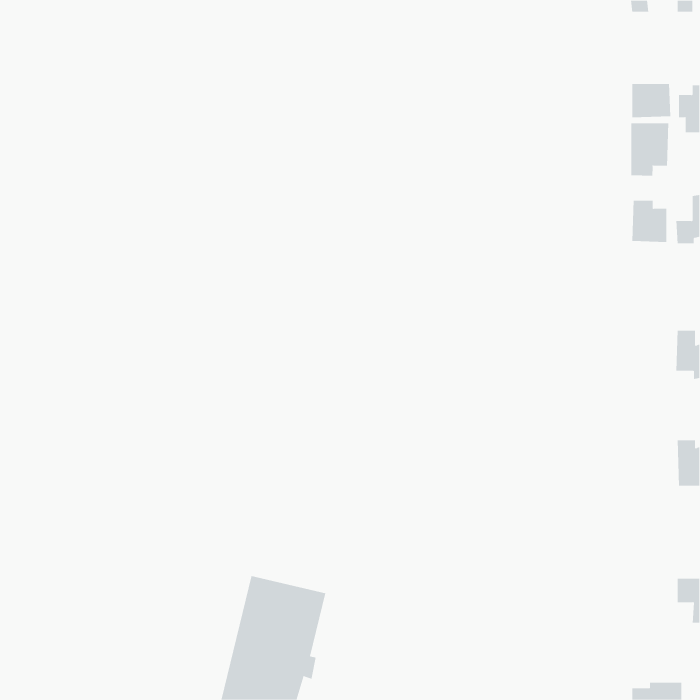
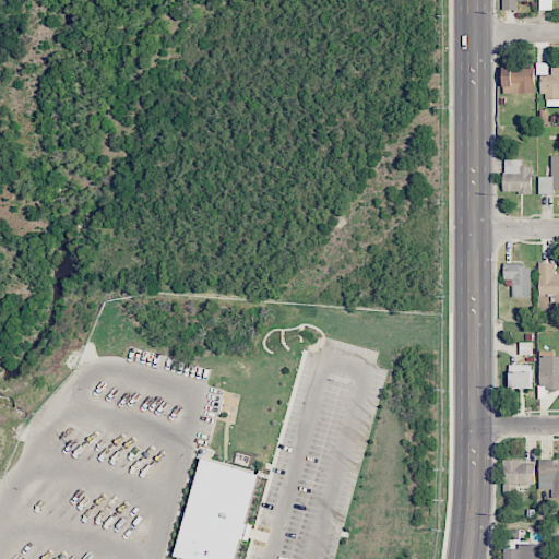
building: [631,123,669,177] -> none
building: none -> [503,264,531,297]
building: none -> [509,365,532,388]
building: none -> [502,461,535,487]

